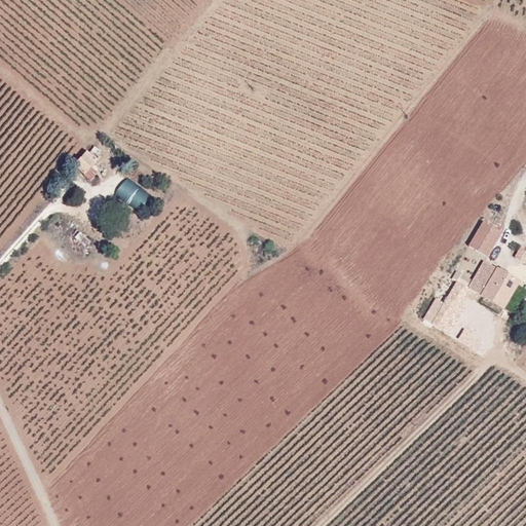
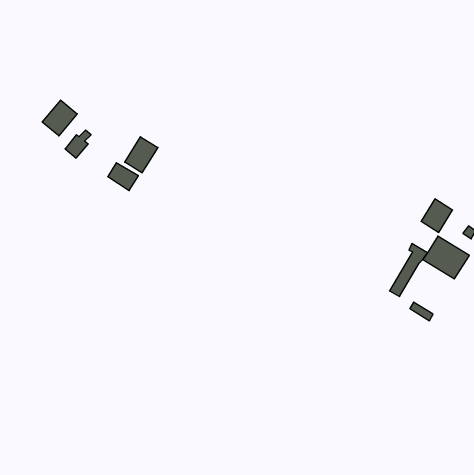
building: none -> [42,100,77,136]
building: none -> [125,137,158,173]

